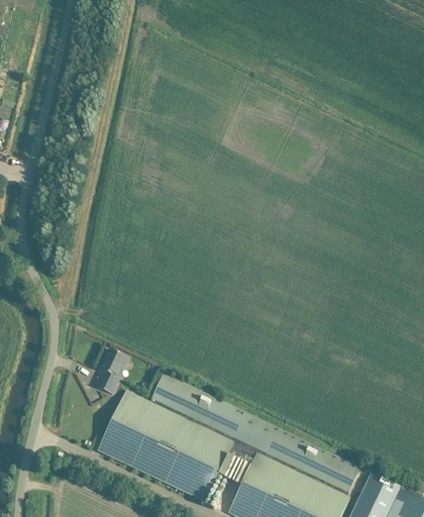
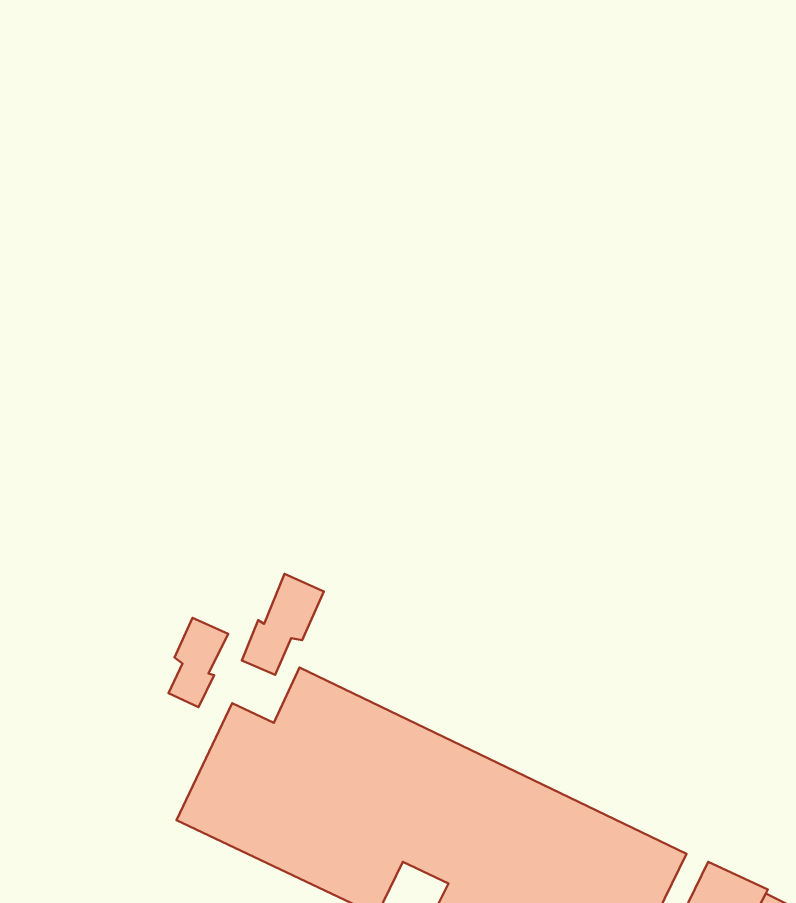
building: none -> [242,574,324,675]

